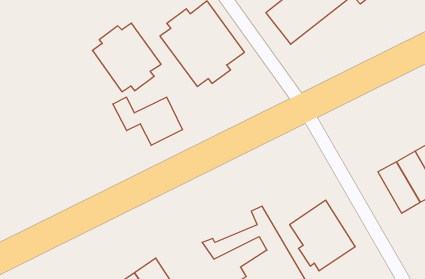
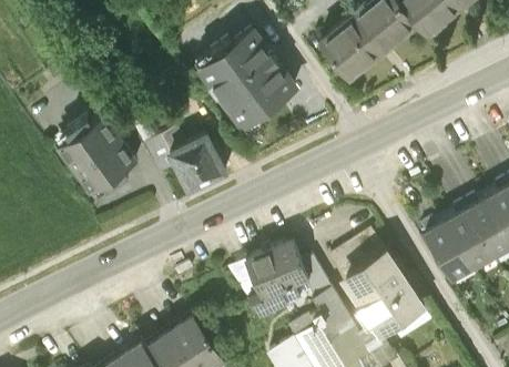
building: [92,23,161,92] -> [60,116,138,194]
building: none -> [425,221,472,279]
building: none -> [245,243,309,300]

